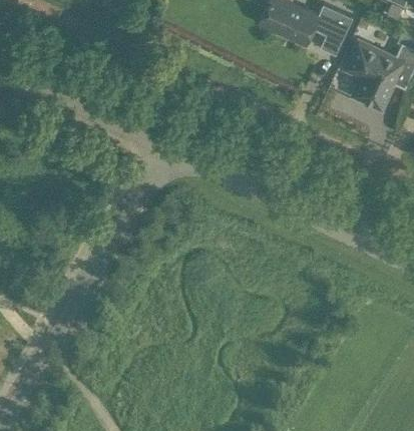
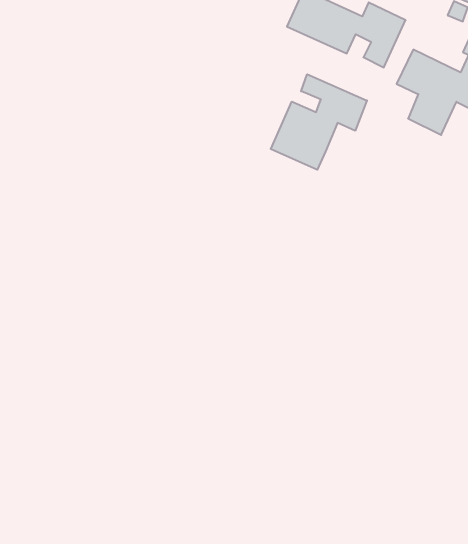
building: none -> [271,74,367,170]

